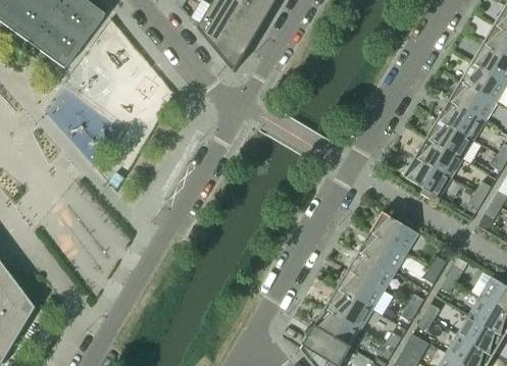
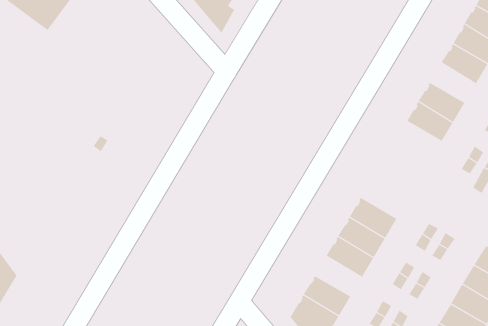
building: [437,99,483,139] -> none
building: [402,156,449,198] -> none
building: [369,211,416,252] -> none
building: [324,287,371,327] -> none

